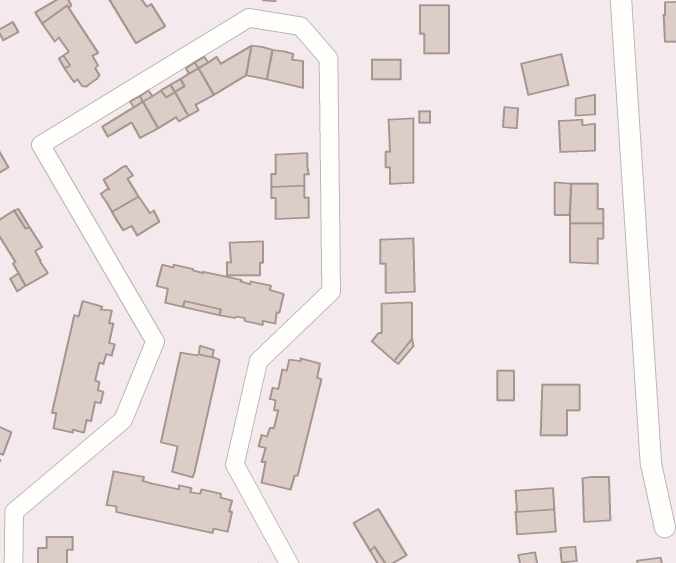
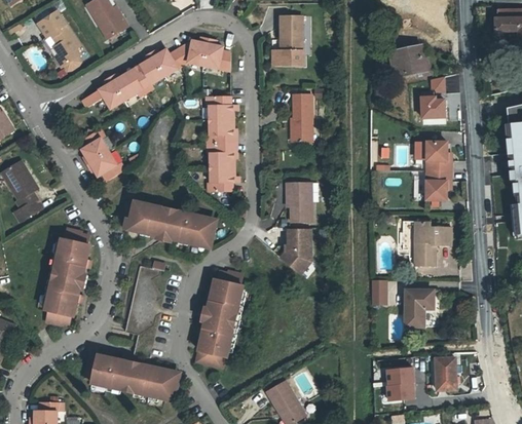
building: [420,6,449,53] -> [281,15,302,50]
building: none -> [207,95,233,120]
building: [227,242,263,275] -> [208,166,234,191]
building: none -> [415,221,451,266]

